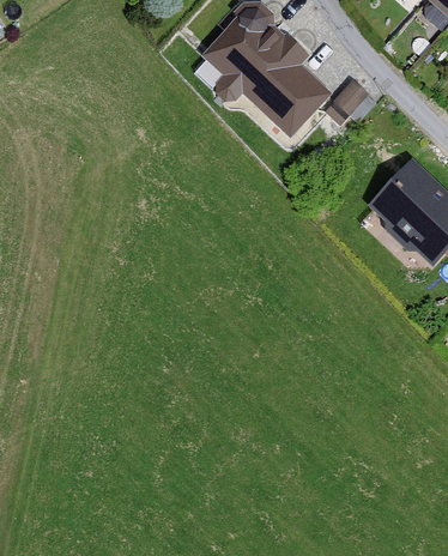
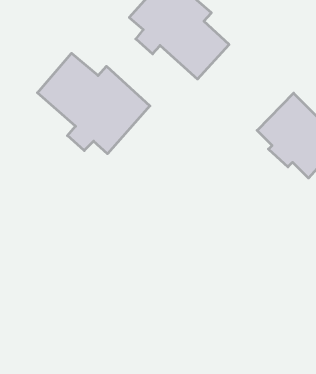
building: none -> [37,53,150,154]

